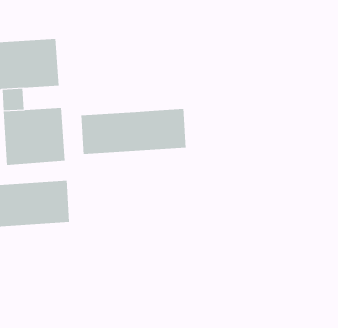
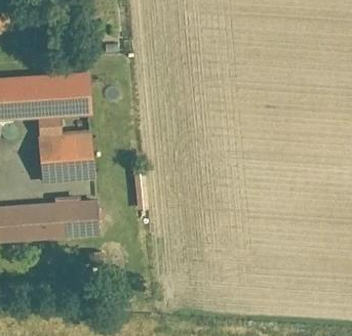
building: [81,108,186,155] -> none

